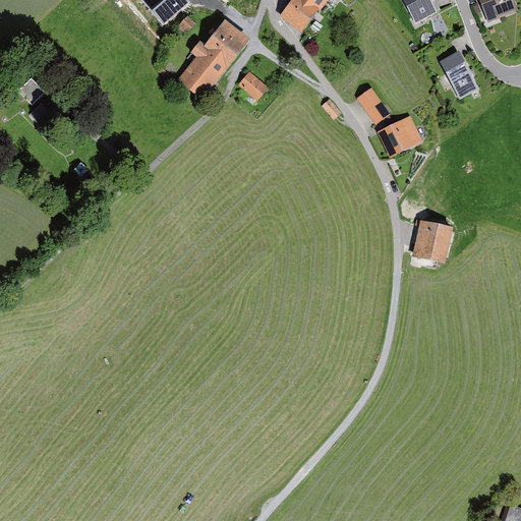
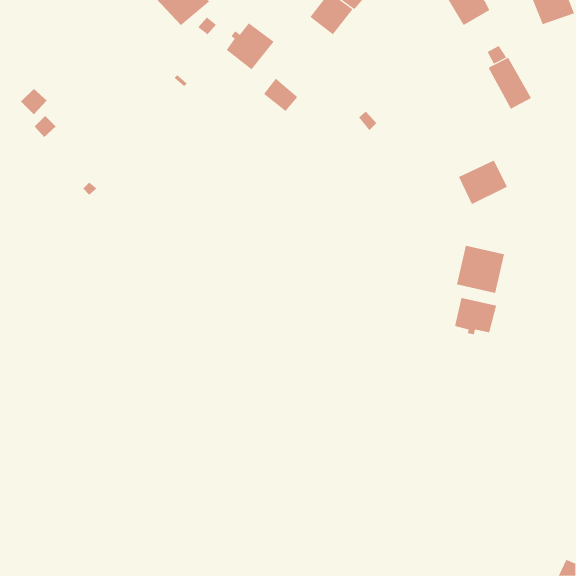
building: [177,41,227,98] -> none
building: [356,88,390,124] -> none
building: [377,116,421,157] -> [458,160,508,205]
building: none -> [455,297,497,335]

